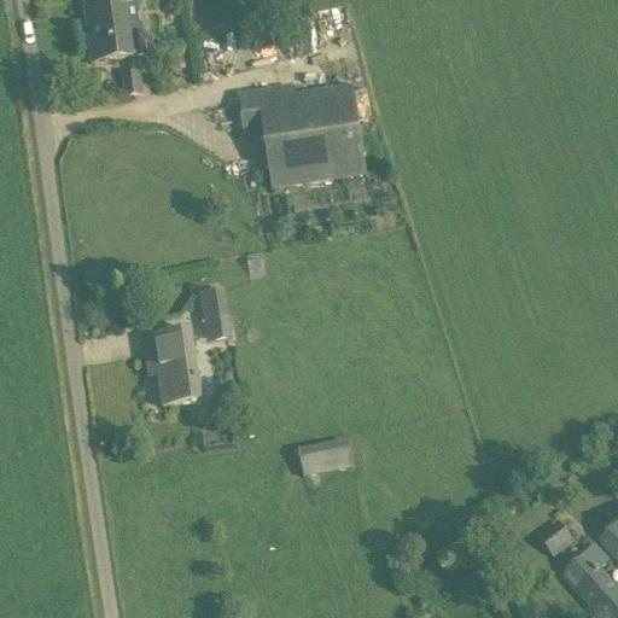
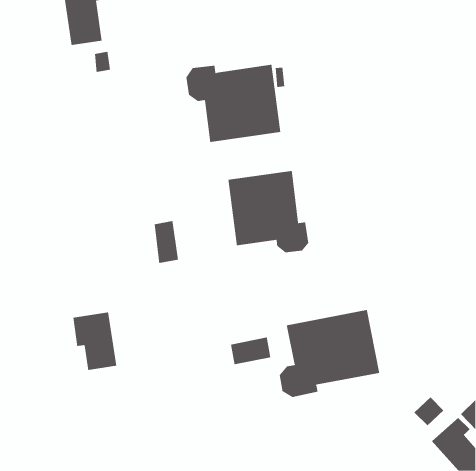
building: none -> [228,170,309,253]
building: [144,327,202,403] -> [73,312,117,371]
building: none -> [279,309,380,398]

